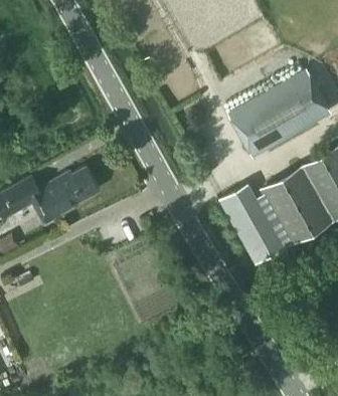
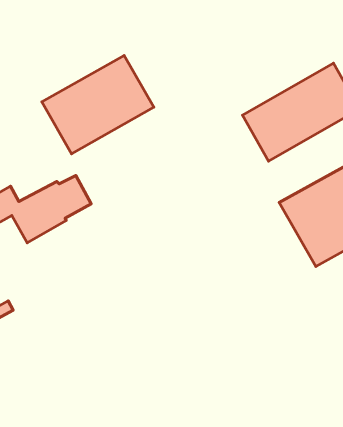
building: none -> [42,55,154,154]
building: [222,186,286,262] -> none

